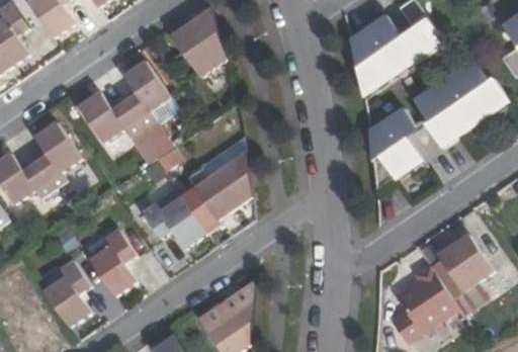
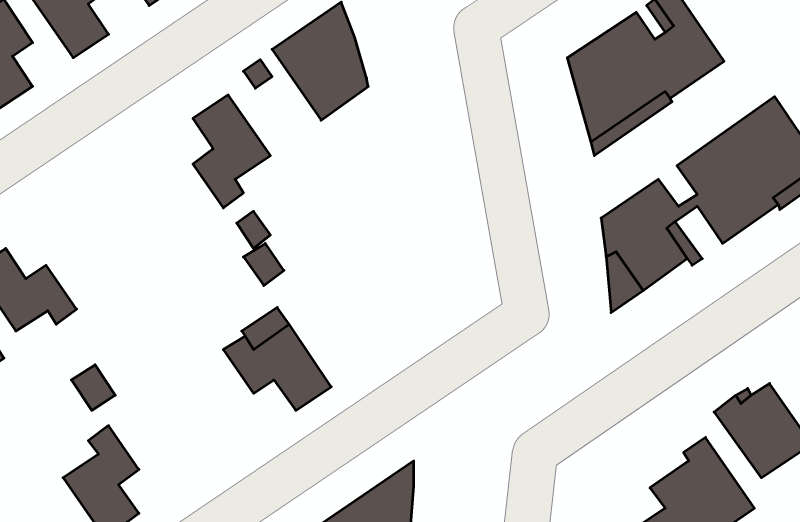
building: [77,91,141,143] -> none
building: [33,121,78,188] -> none
building: [186,150,253,221] -> none
building: [89,228,135,294] -> none

